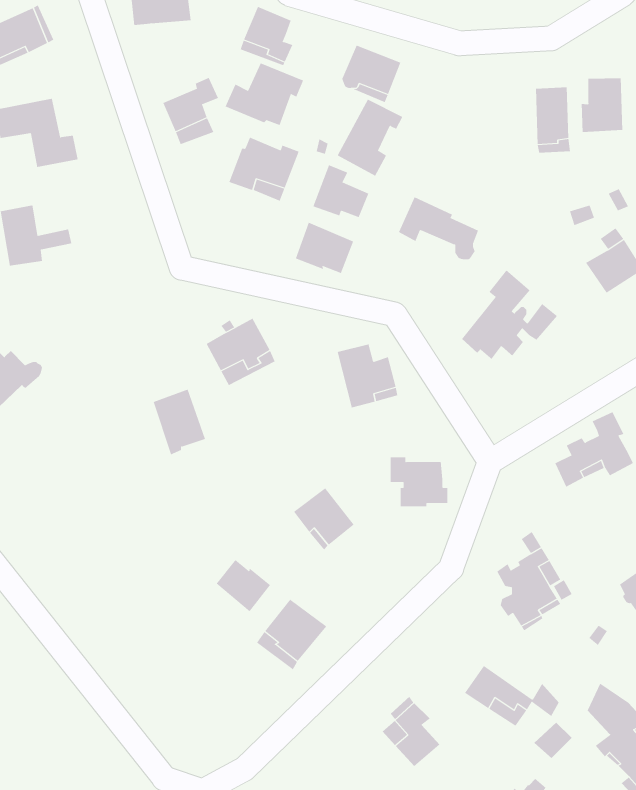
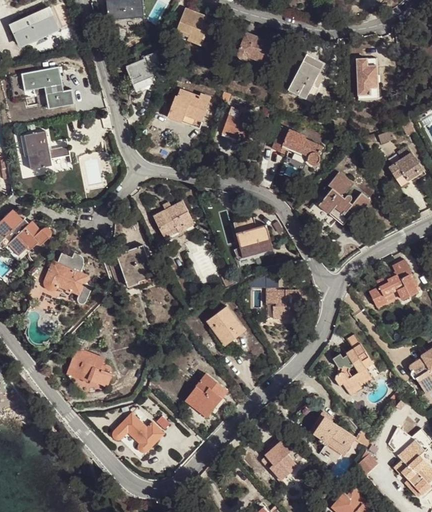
building: [225,63,304,126] -> none
building: [581,78,623,133] -> none
building: [337,99,403,177] -> [287,54,328,102]
building: [295,222,354,274] -> none
building: none -> [43,252,92,304]
building: none -> [66,349,111,393]
building: [216,559,271,612] -> none
building: none -> [112,413,163,453]

